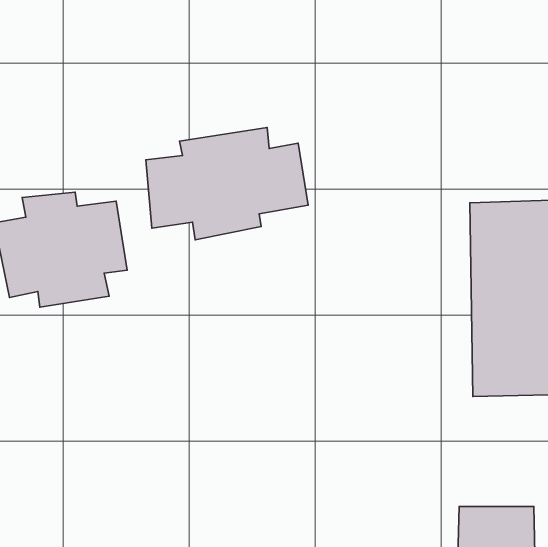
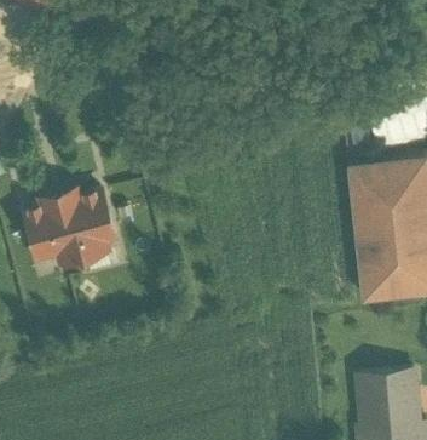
building: [146,127,308,240] -> none

